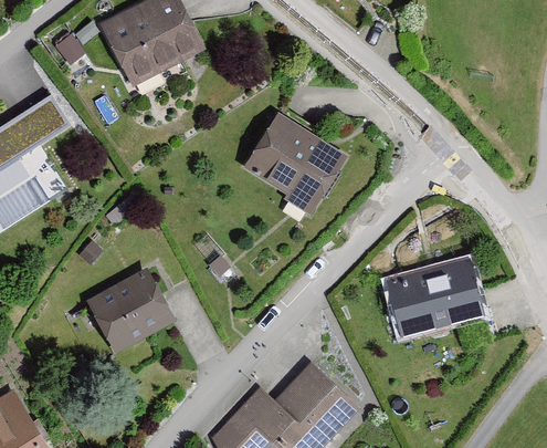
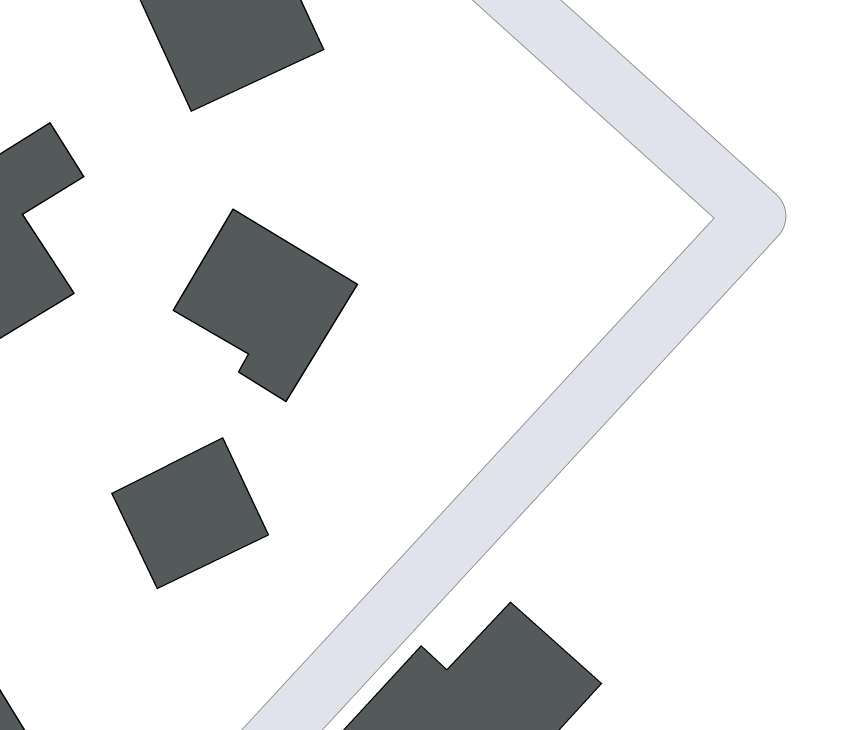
building: [243,115,346,222] -> [173,209,358,401]
building: [385,258,484,337] -> none

